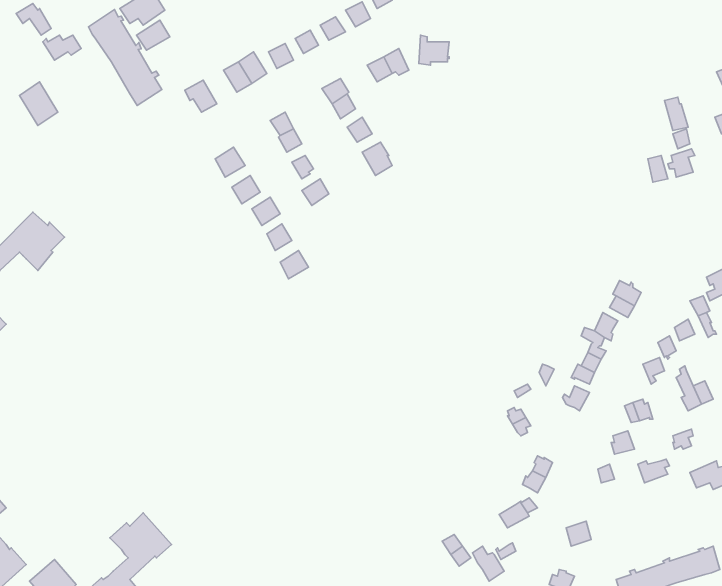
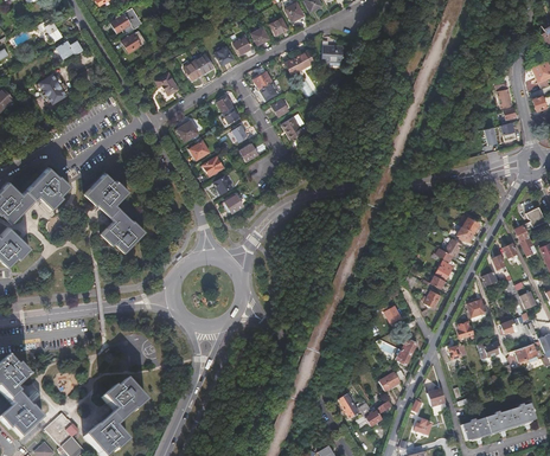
building: [88,10,162,106] -> none
building: none -> [84,172,145,251]

